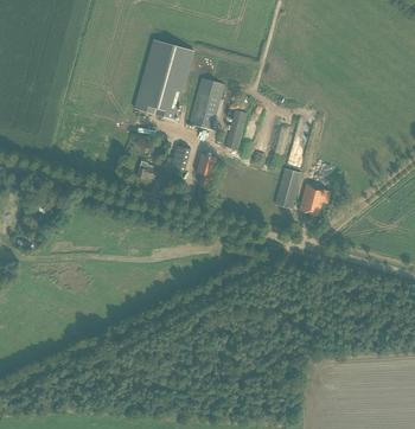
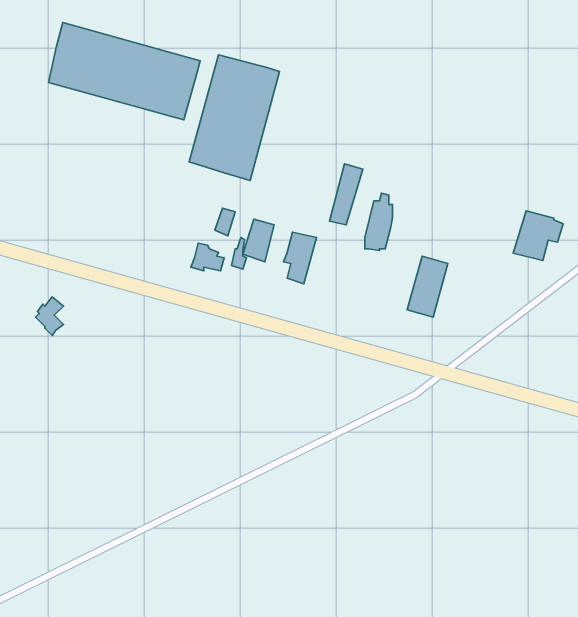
building: none -> [48,22,200,120]
building: [187,77,223,130] -> none
building: [298,183,330,214] -> [513,211,563,261]

